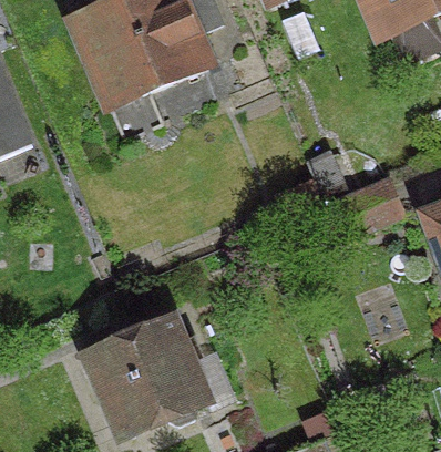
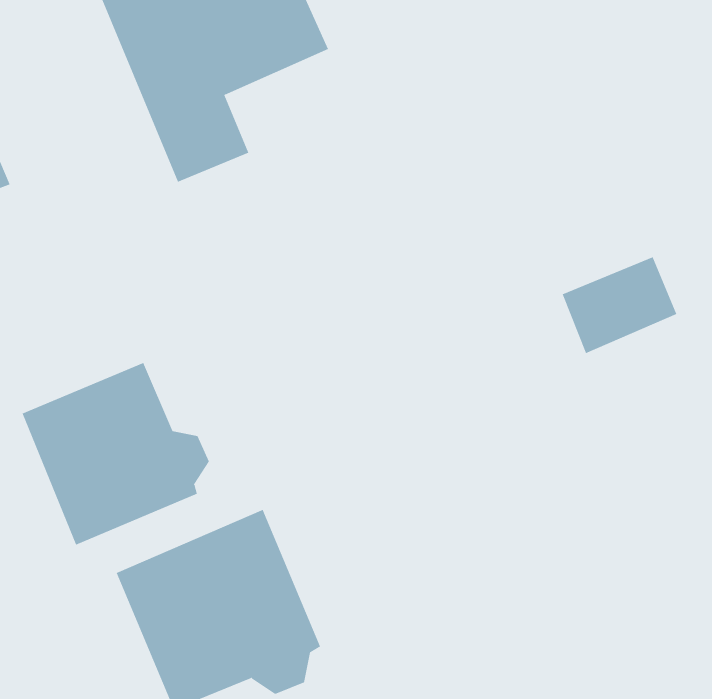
building: none -> [22,362,209,545]

